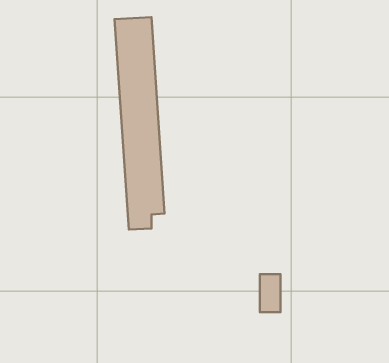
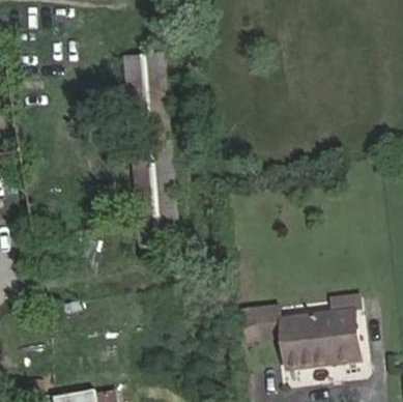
building: none -> [288,307,366,367]

